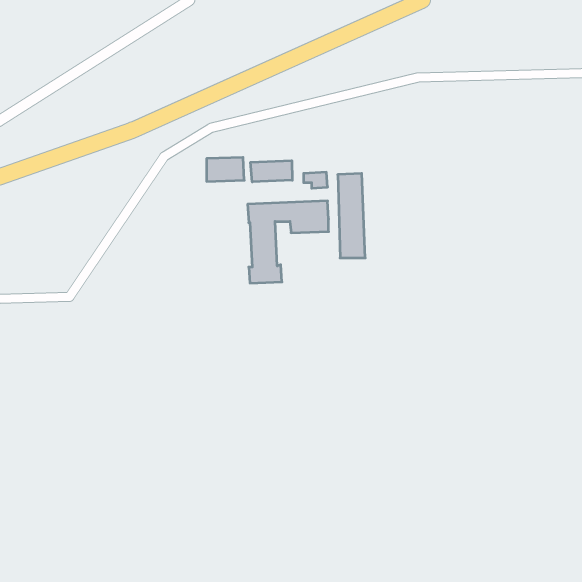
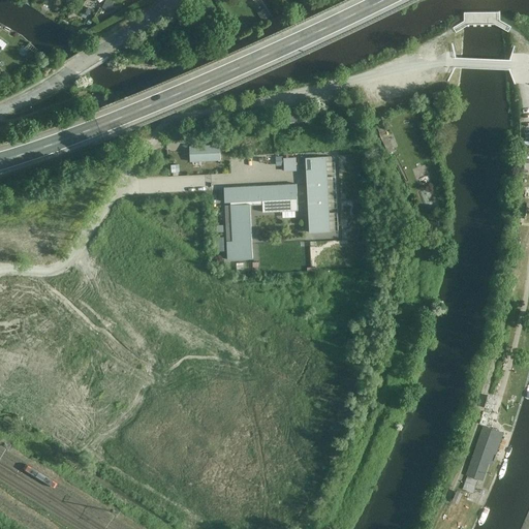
building: [251,161,292,182] -> none
building: none -> [468,428,502,481]

